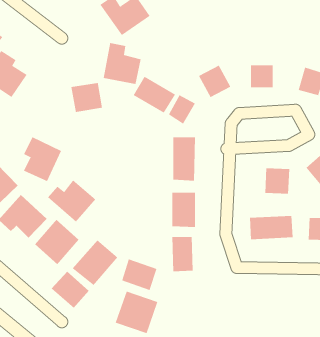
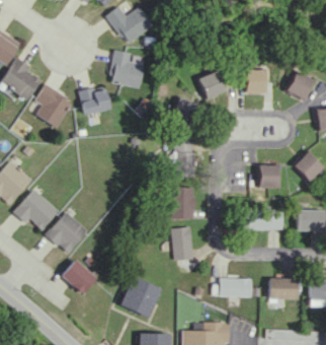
building: [133,76,176,113] -> none
building: [23,137,62,182] -> [35,85,71,127]
building: [47,180,96,223] -> none
building: [72,239,118,286] -> none
building: [121,259,157,291] -> none
building: none -> [221,277,252,296]
building: none -> [268,278,297,299]

